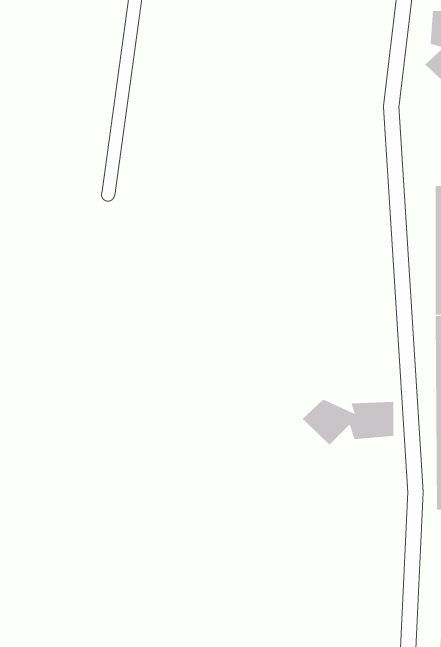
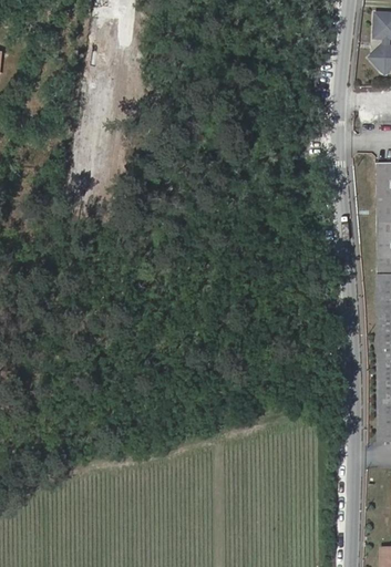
building: [302,399,394,446] -> none

